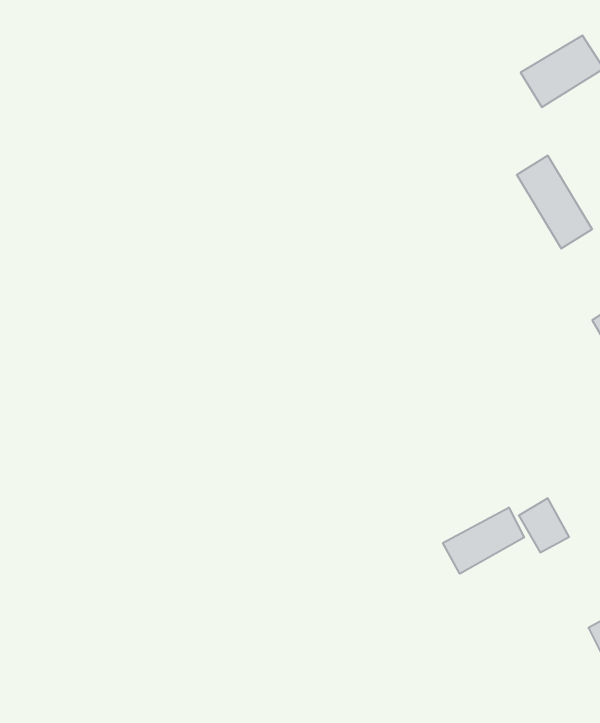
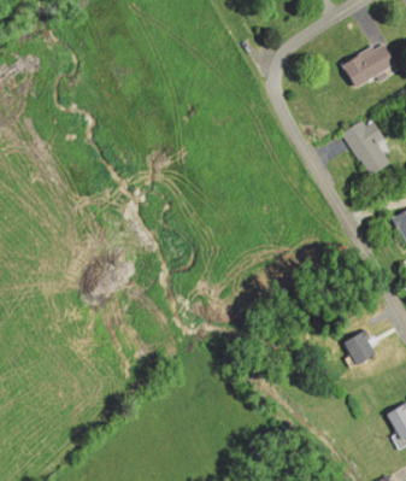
building: [443,507,524,574] -> none

